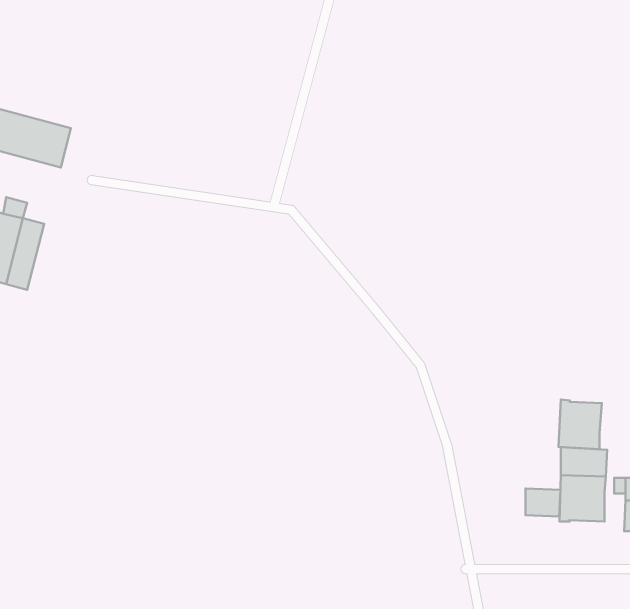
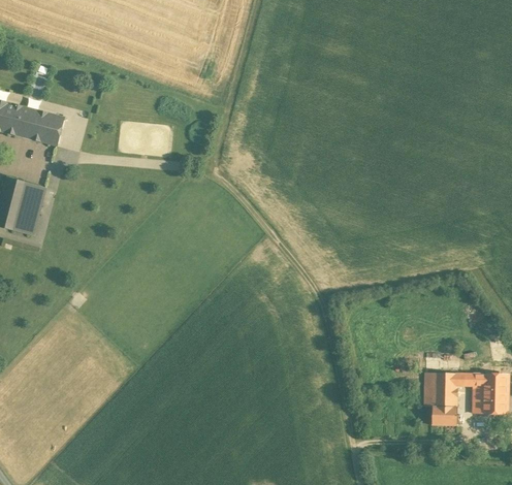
building: [558,400,602,449] -> none
building: [525,488,560,516] -> [429,406,455,426]

